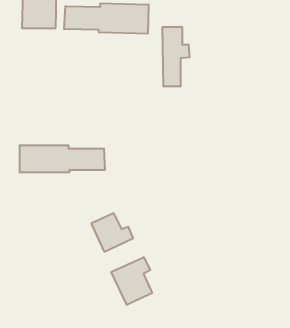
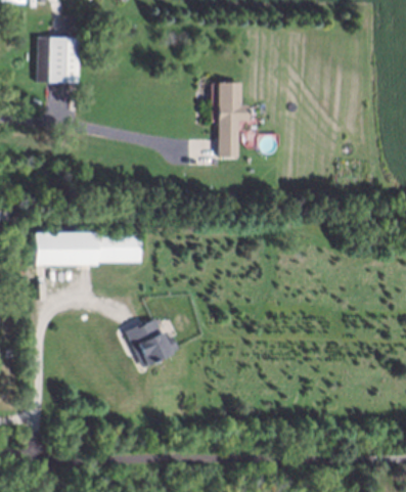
building: [64,3,148,34] -> none
building: [111,257,152,305] -> none

